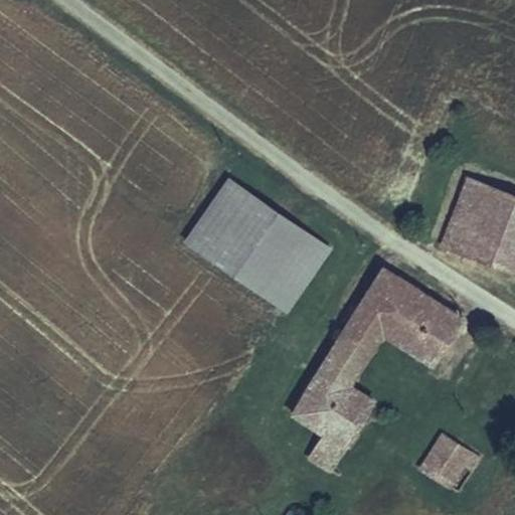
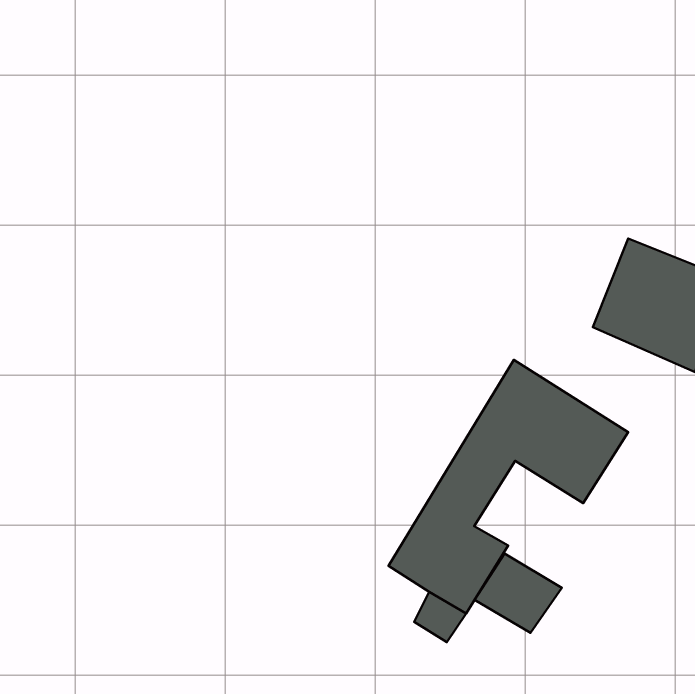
building: [184,178,333,315] -> none
building: [419,432,484,490] -> [474,554,562,633]

